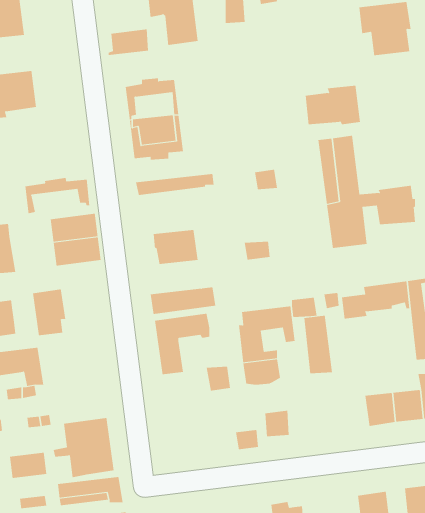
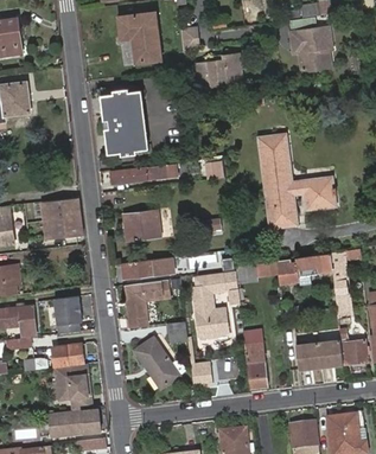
building: [108,29,149,55] -> [108,101,141,122]
building: [305,85,361,125] -> [197,55,242,87]
building: [25,177,90,214] -> none
building: [32,289,66,336] -> [58,295,85,333]
building: [304,315,333,374] -> [246,340,269,388]
building: none -> [136,339,179,388]
building: [9,452,47,479] -> [52,345,83,366]

